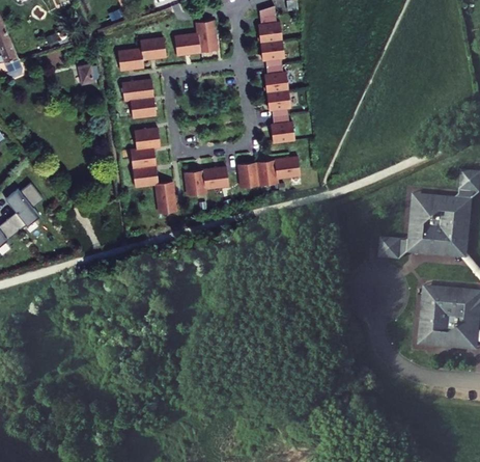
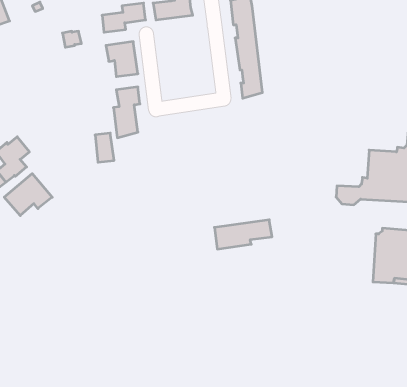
building: [238,156,302,188] -> [214,220,272,249]
building: [185,166,229,195] -> none
building: [157,181,177,213] -> [95,133,114,162]
building: none -> [4,174,52,216]

